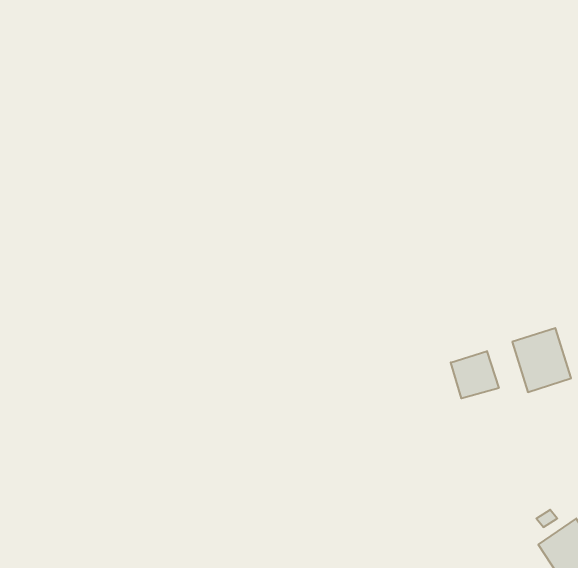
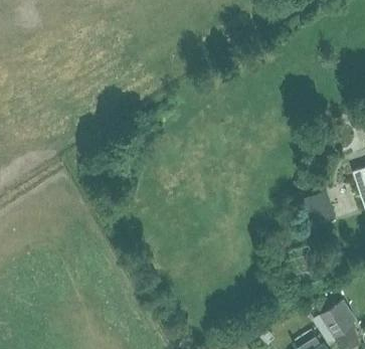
building: [451,351,499,398] -> none

